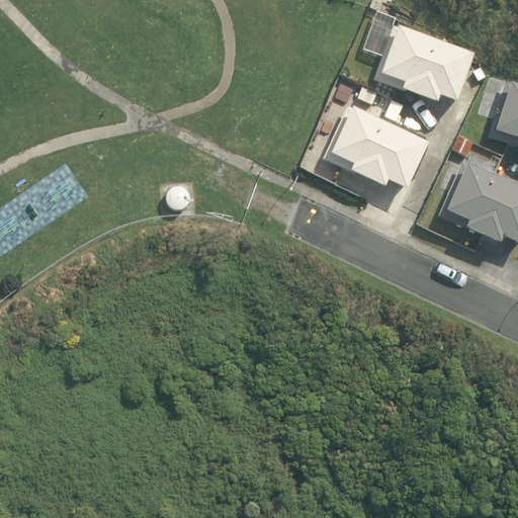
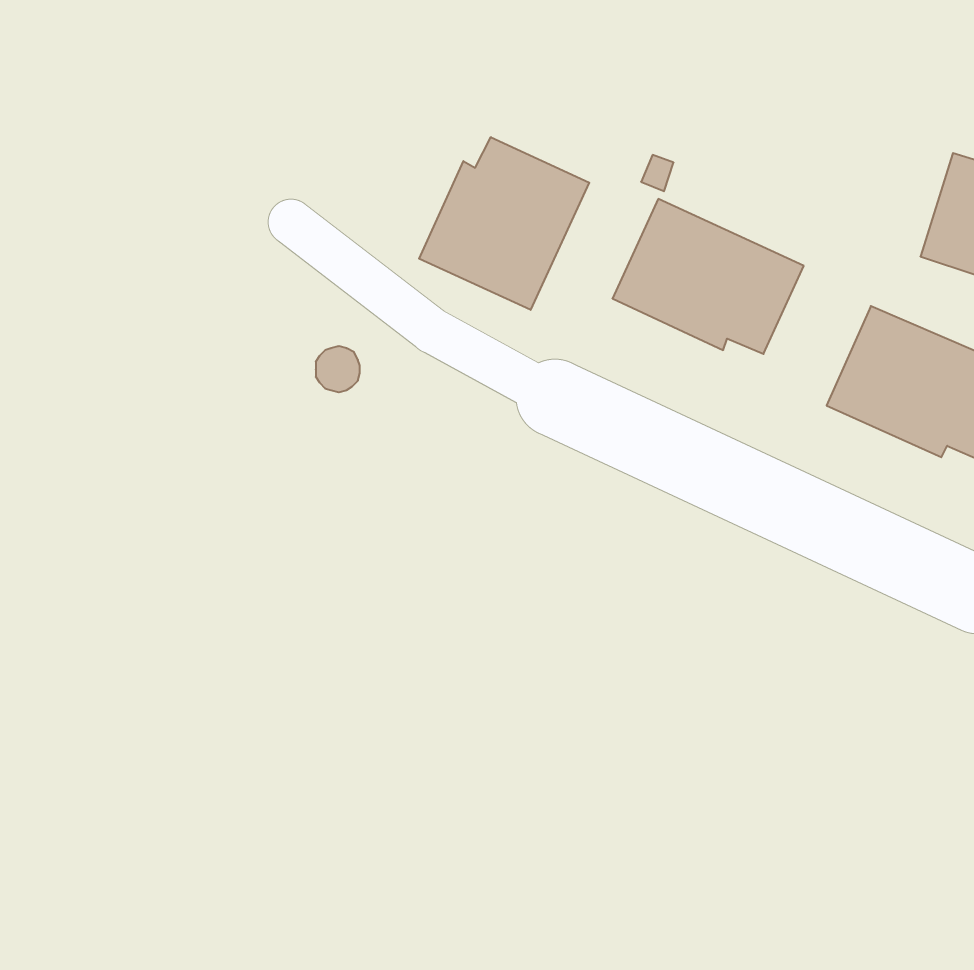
building: [376,25,473,101] -> none
building: none -> [419,137,589,310]

